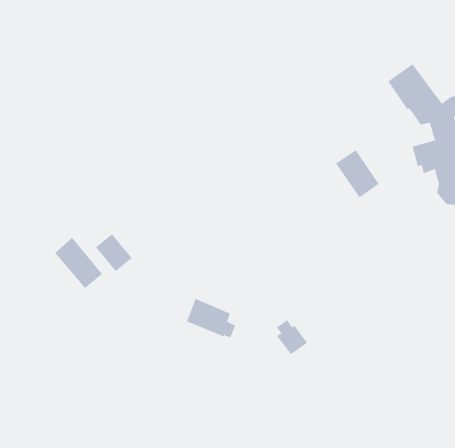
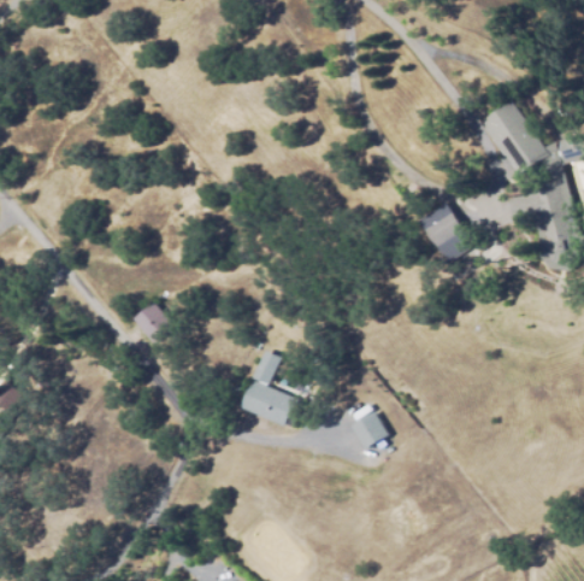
building: [54,237,103,289] -> none
building: none -> [254,350,281,385]

